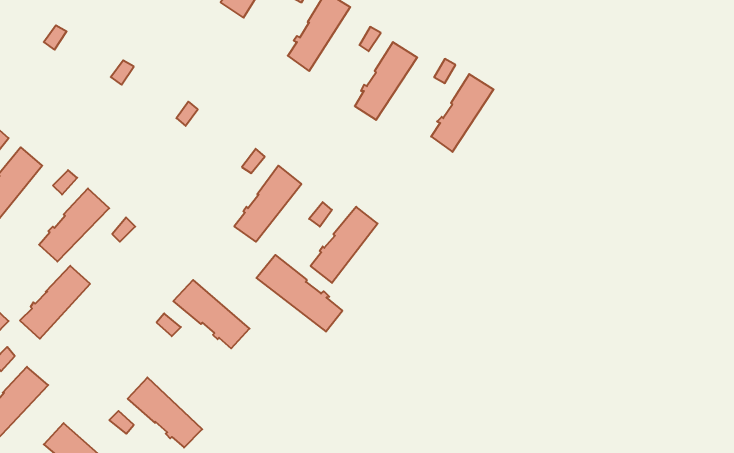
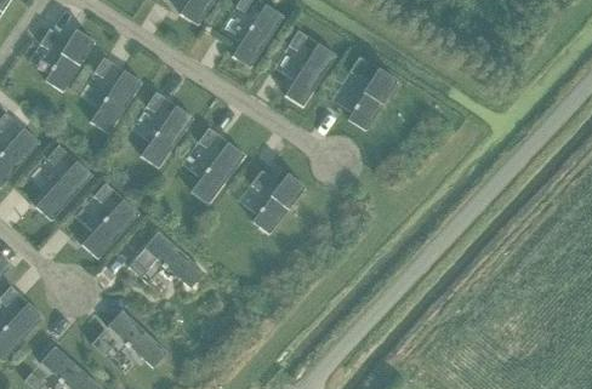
building: none -> [44,30,93,92]
building: none -> [90,70,141,132]
building: none -> [138,104,190,165]
building: [256,255,342,332] -> none
building: [20,266,90,339] -> [81,199,137,257]

